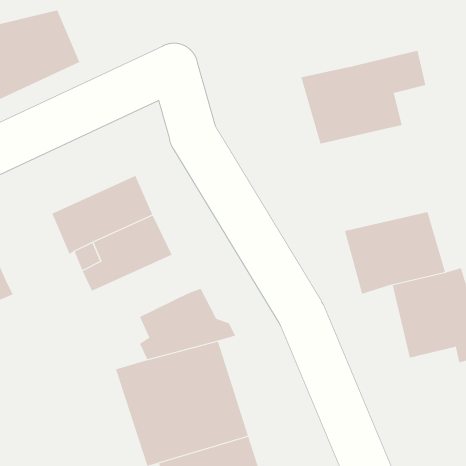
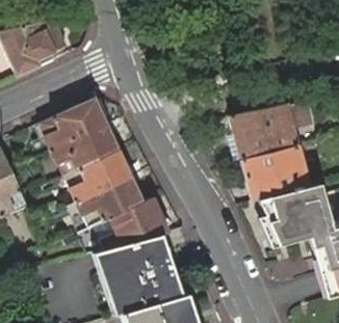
building: [301,50,426,144] -> [231,100,313,161]
building: none -> [38,97,108,150]
building: none -> [78,177,141,220]

